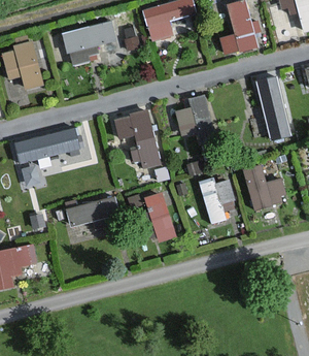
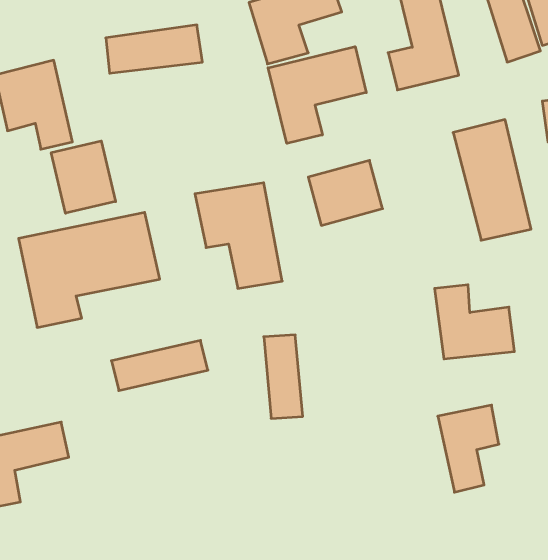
building: none -> [268,47,366,143]
building: none -> [51,141,116,213]
building: [200,177,234,226] -> [438,405,499,492]

